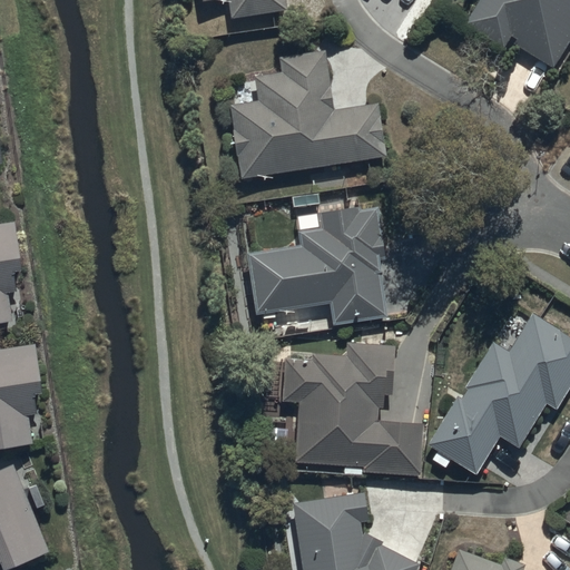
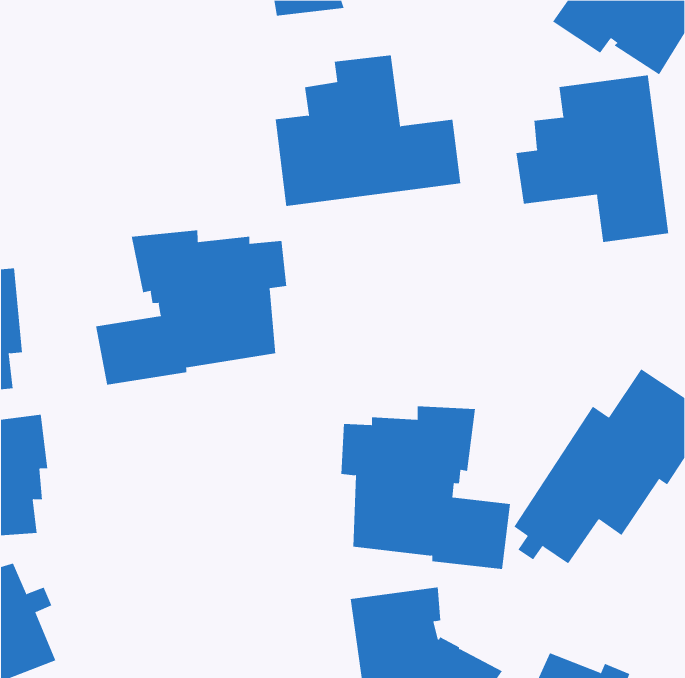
building: none -> [516,74,669,243]
building: none -> [95,229,287,385]
building: [247,206,385,323] -> none

